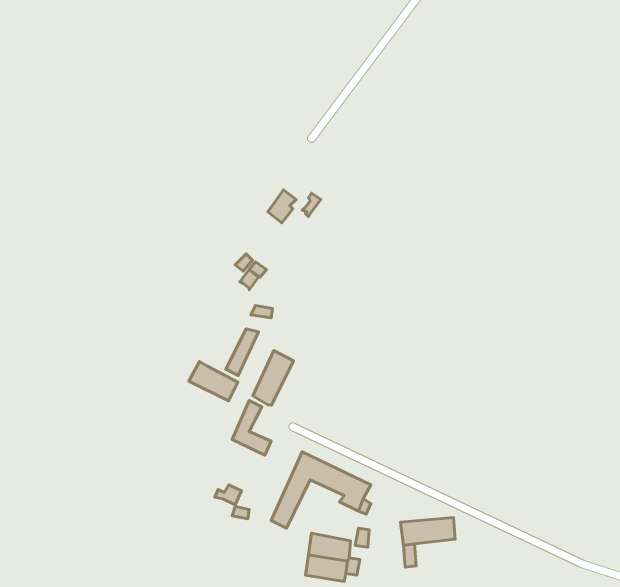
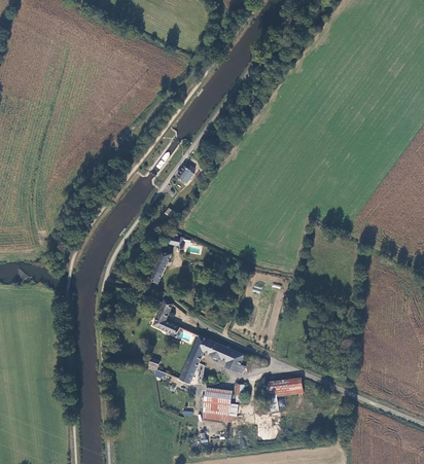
building: [253,350,294,405] -> none
building: [189,361,238,401] -> none

